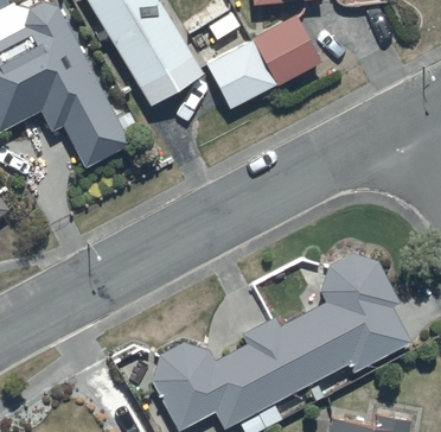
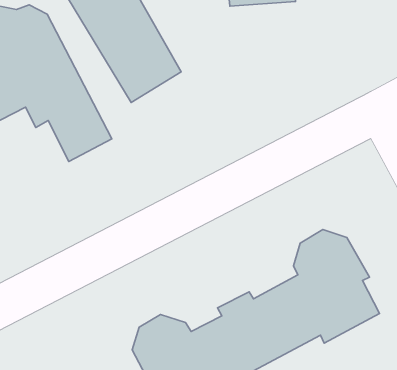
building: [207,20,320,112] -> none

